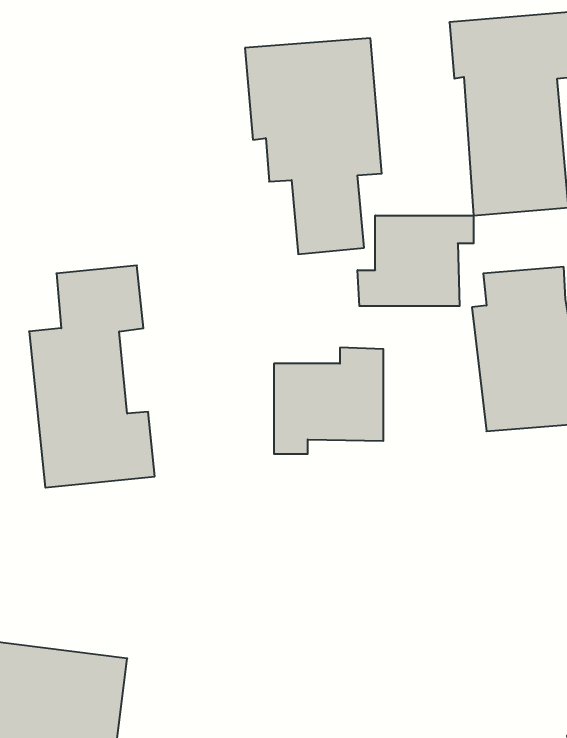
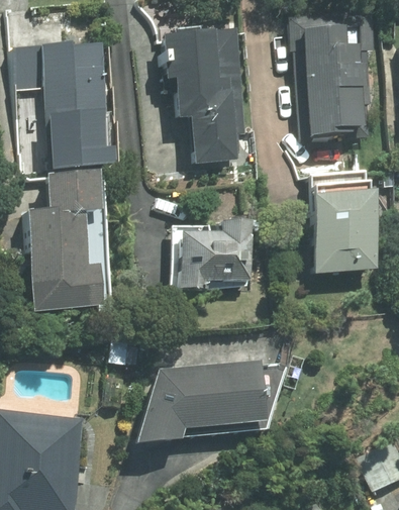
building: none -> [19,43,108,175]
building: [358,215,474,306] -> none
building: none -> [137,361,265,442]

